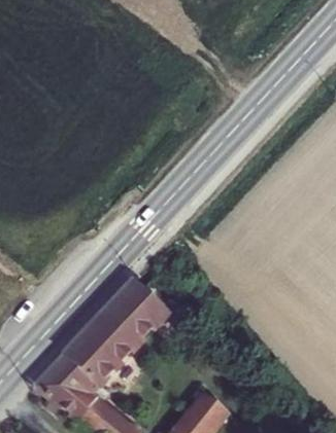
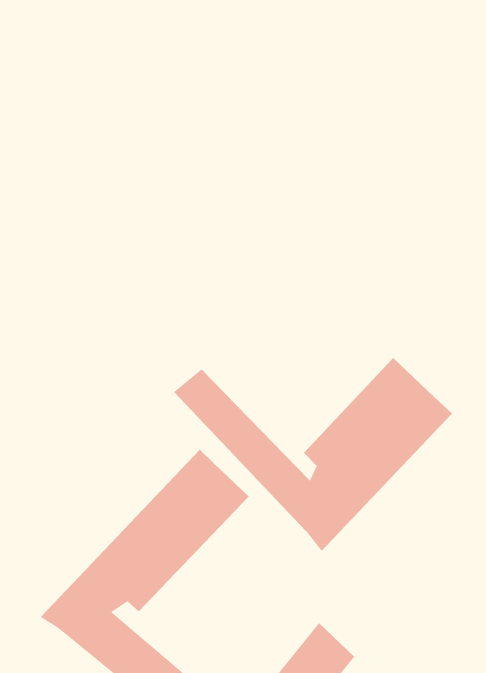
building: none -> [173,357,453,552]

